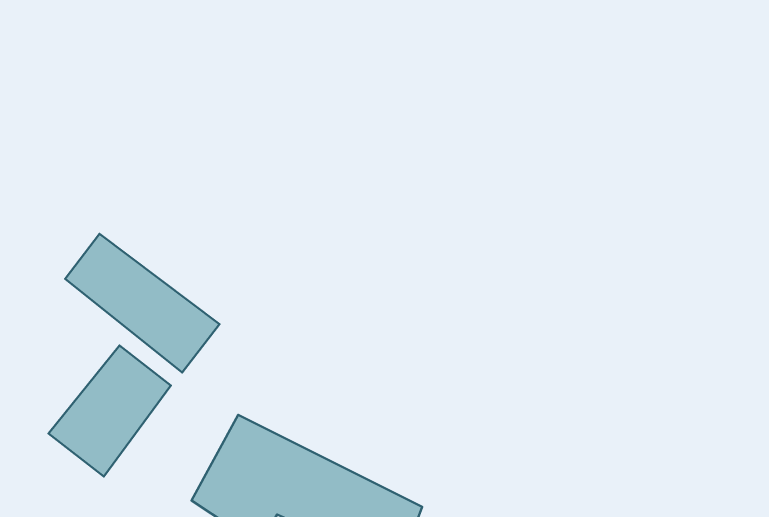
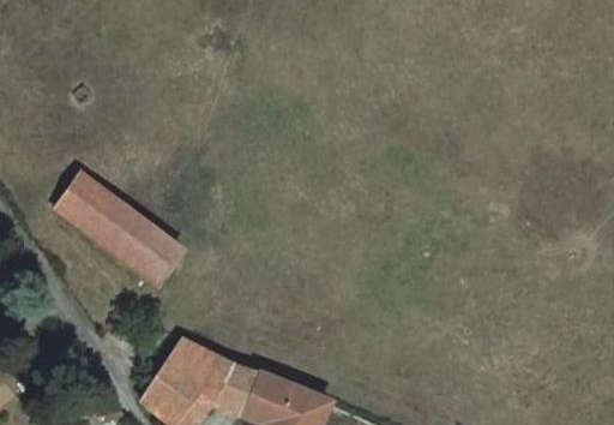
building: [48,345,171,477] -> none

